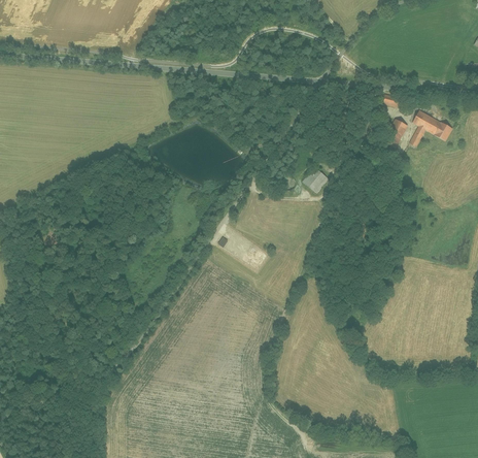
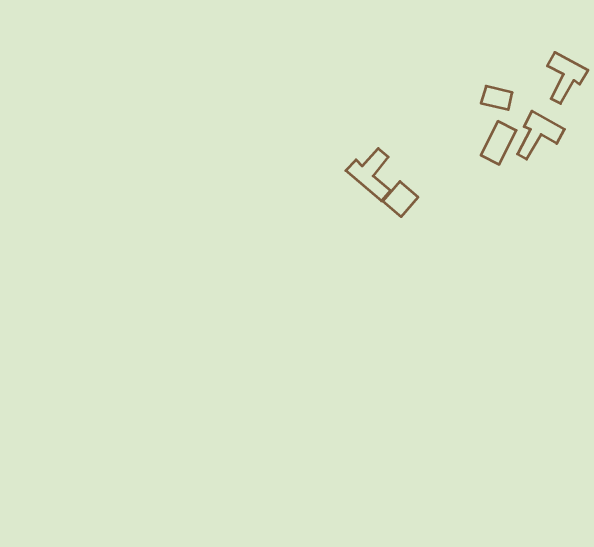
building: none -> [547,52,588,104]
building: none -> [346,148,390,201]

